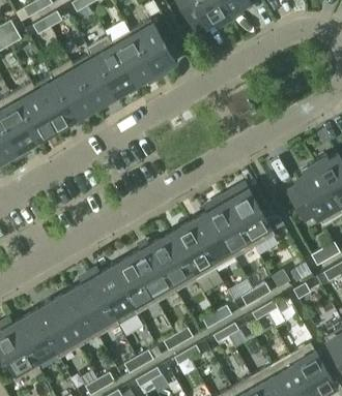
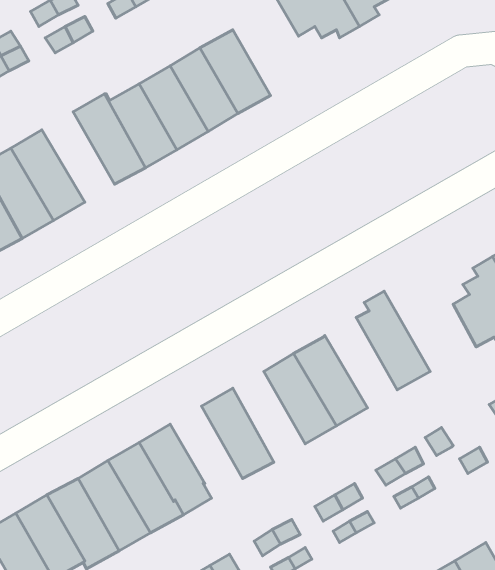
building: [30,71,76,128] -> none
building: [204,201,254,257] -> none
building: [150,235,196,292] -> none
building: [111,256,156,314] -> none

